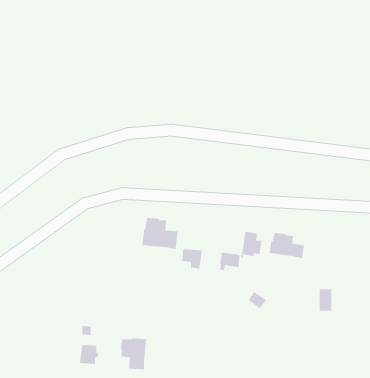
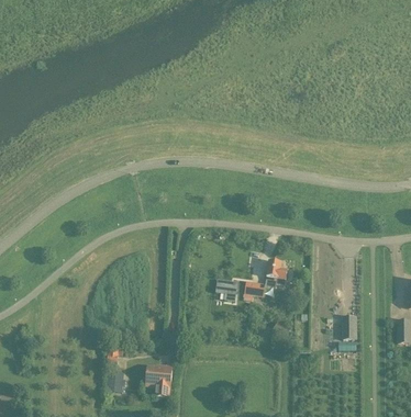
building: [142,217,178,250] -> none
building: [269,232,305,259] -> none

